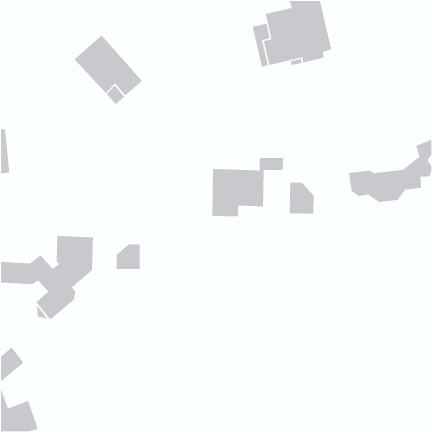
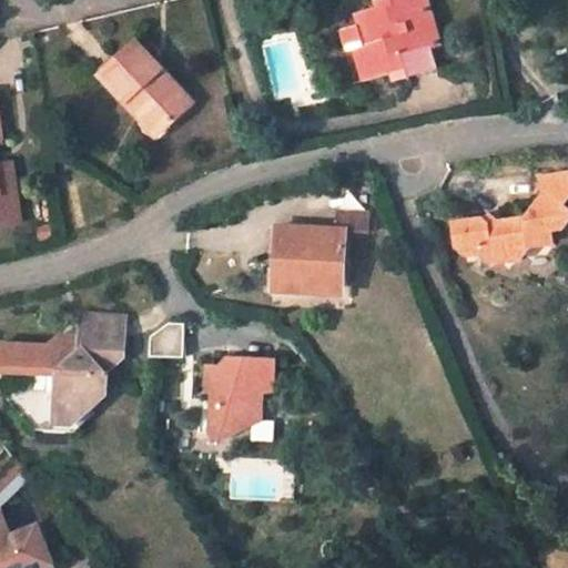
building: [289,182,315,214] -> none
building: none -> [205,351,275,433]

